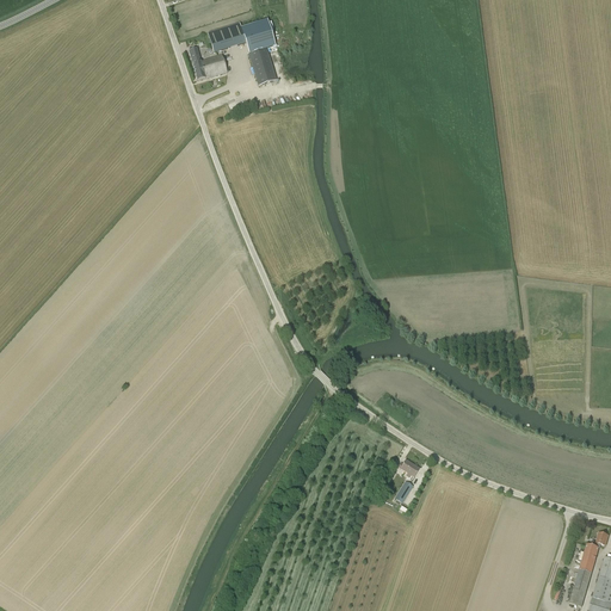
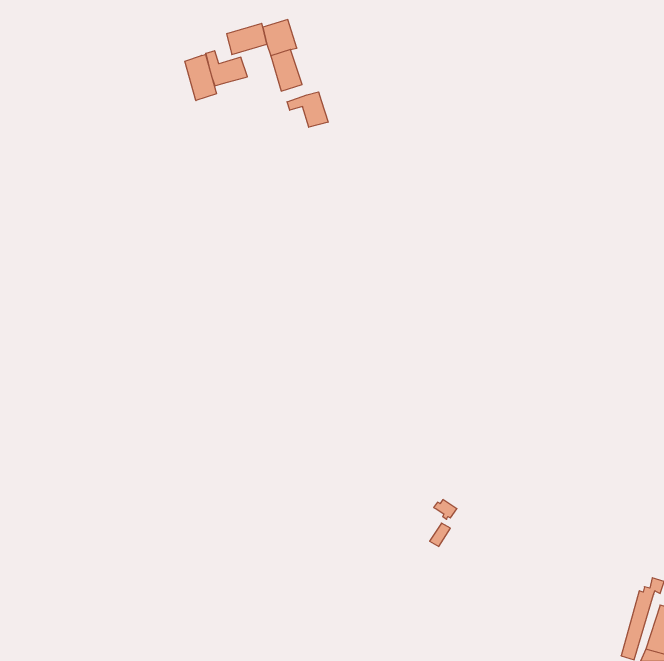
building: none -> [185,54,216,101]
building: none -> [287,92,328,127]

